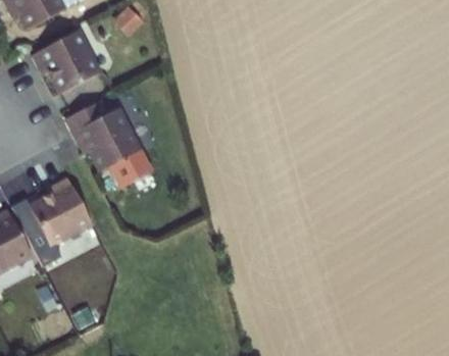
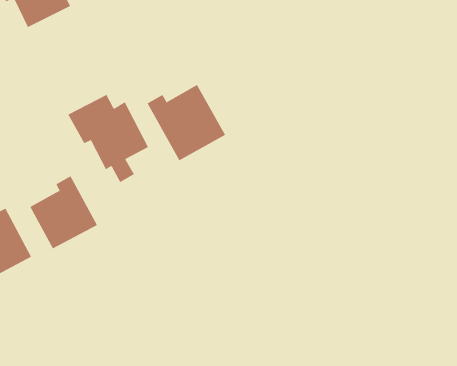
building: [31,30,99,93] -> none
building: none -> [147,84,226,161]

